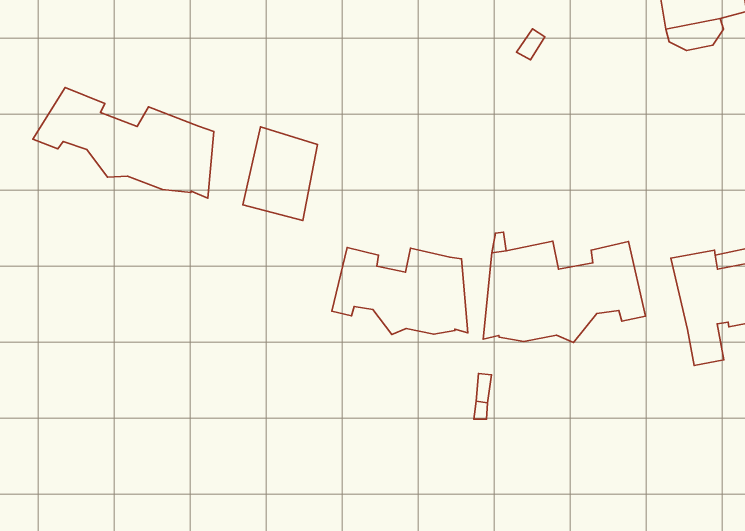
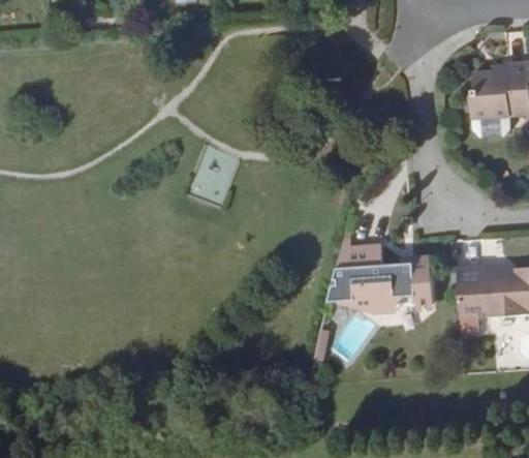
building: [33,88,214,198] -> none
building: [332,248,468,334] -> none

